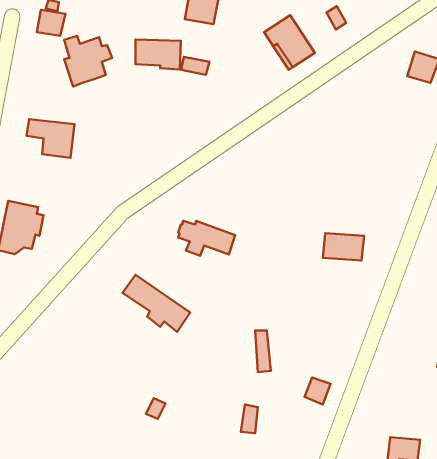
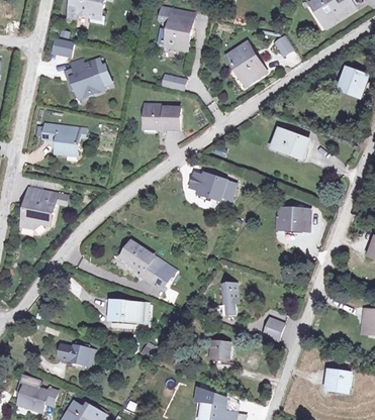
building: [136,40,181,69] -> [146,105,181,128]
building: none -> [273,129,305,155]
building: [178,221,235,256] -> [189,176,233,203]
building: none -> [107,302,146,323]
building: none -> [56,344,92,368]

